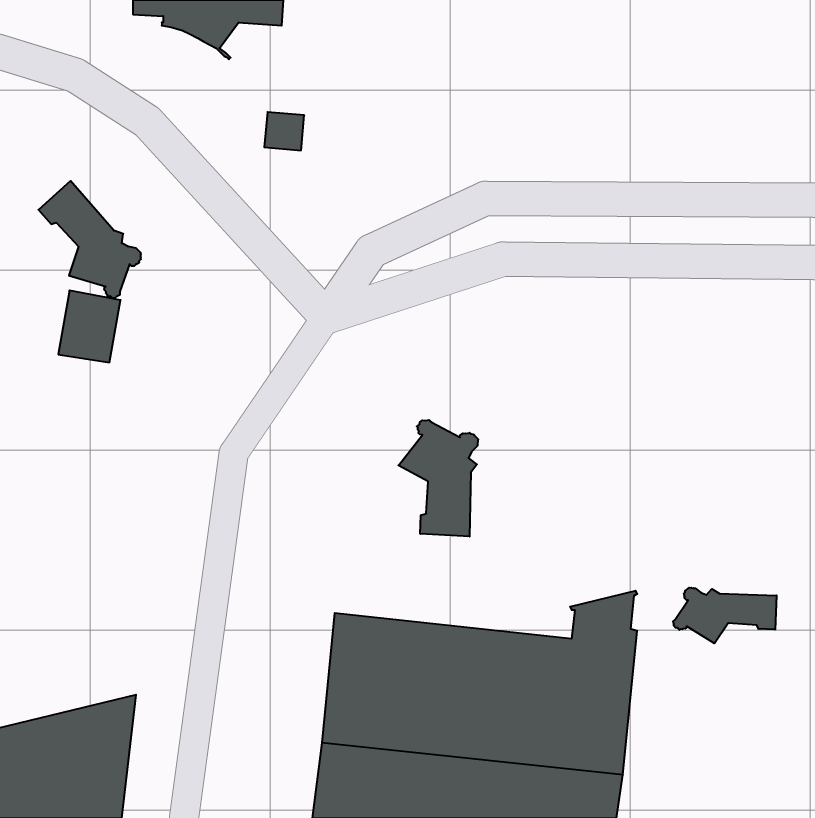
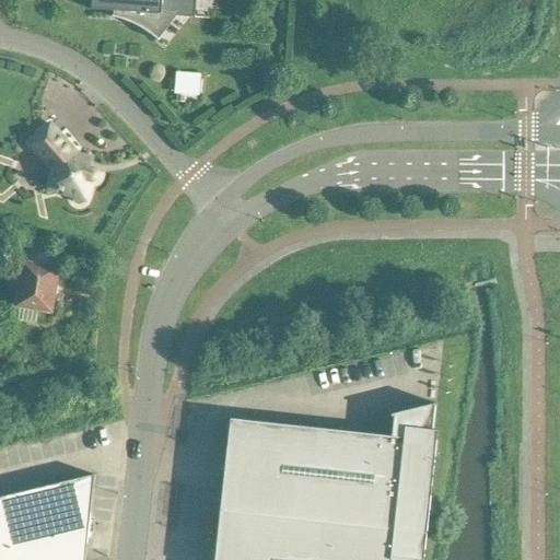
building: [58,290,121,362] -> [14,262,57,312]
building: [398,420,478,537] -> none
building: [673,588,777,643] -> none

